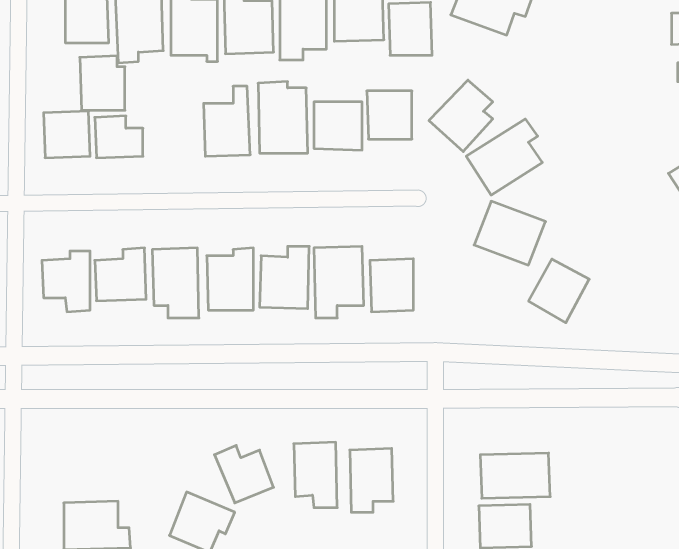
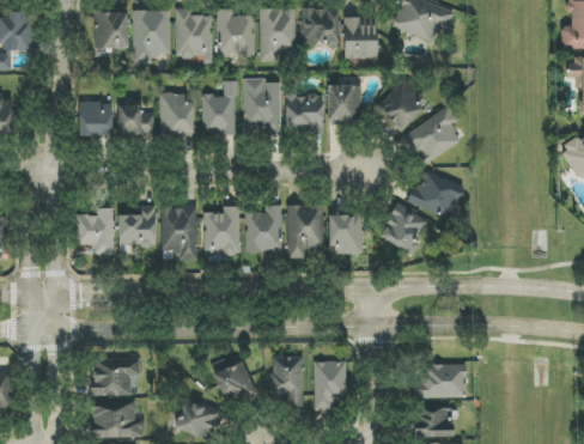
building: [80,56,125,110] -> [159,93,194,135]
building: [529,259,589,323] -> [379,203,426,253]
building: none -> [92,358,139,395]

